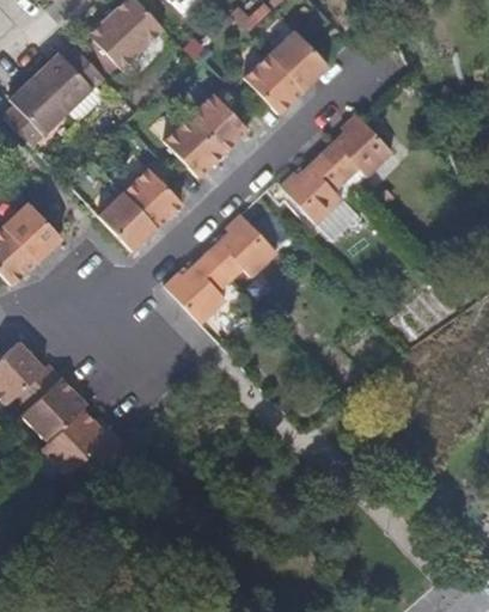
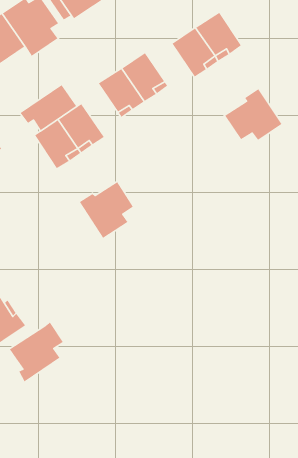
building: none -> [20,84,77,131]
building: [280,153,347,224] -> none
building: [207,214,279,281] -> none
building: none -> [9,322,64,382]

